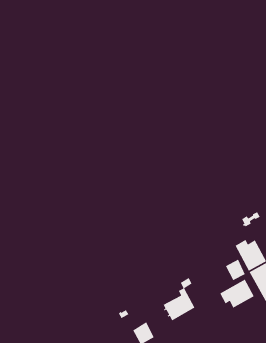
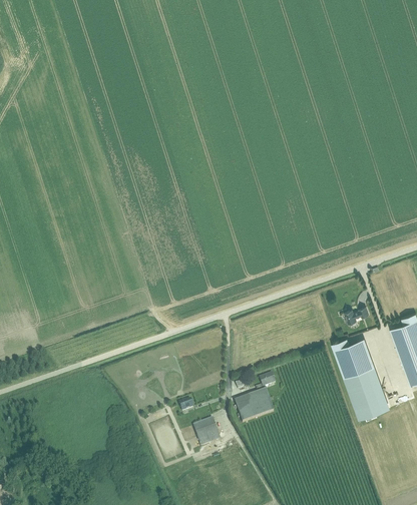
building: [225,258,246,281] -> none
building: [219,279,255,309] -> none

